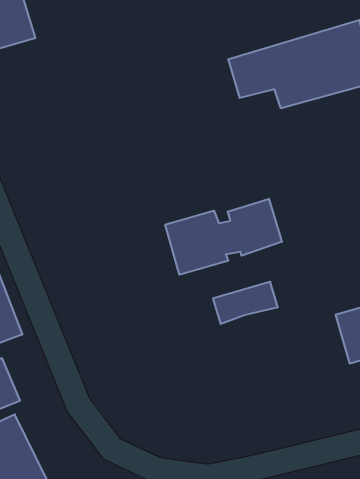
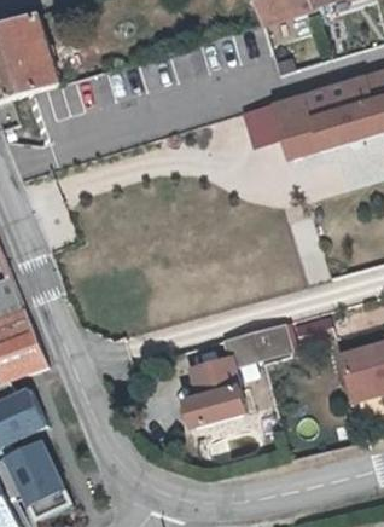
building: [165,199,282,275] -> none
building: none -> [188,357,246,427]

